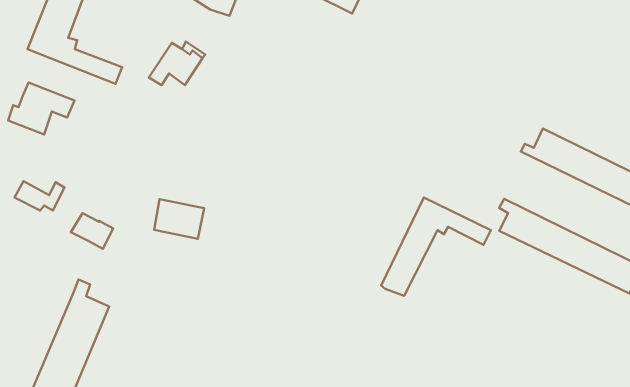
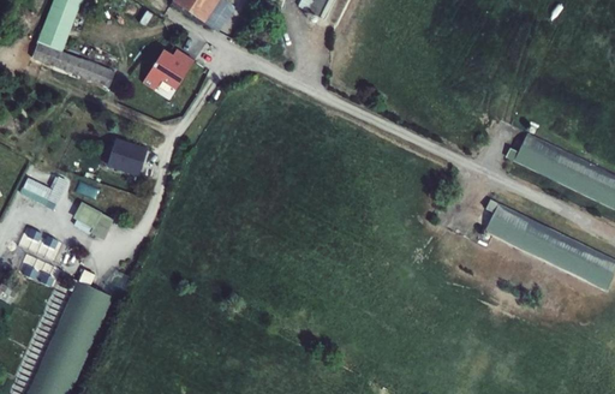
building: [8,82,75,134] -> none
building: [381,197,491,296] -> none
building: [154,199,204,239] -> [106,141,153,178]

